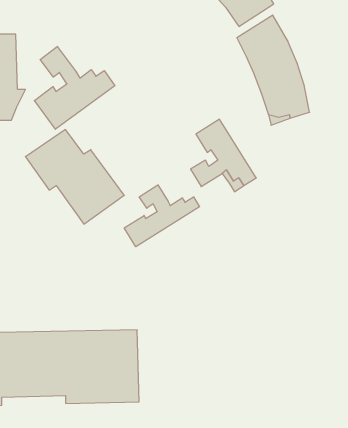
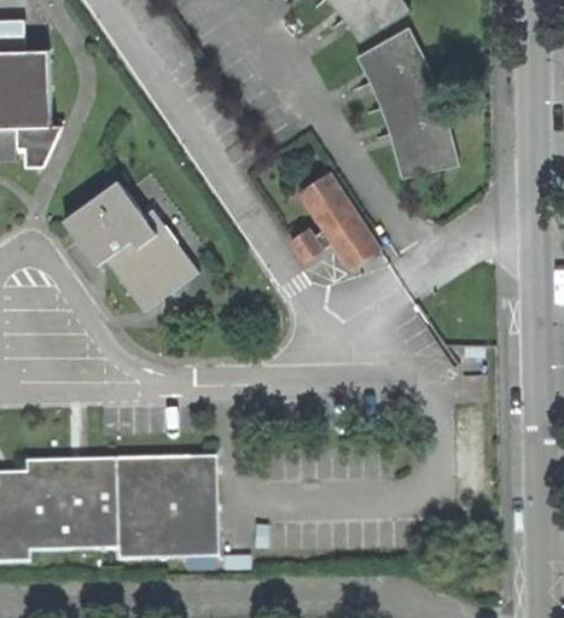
building: [34,46,115,129] -> none
building: [124,185,200,247] -> none

